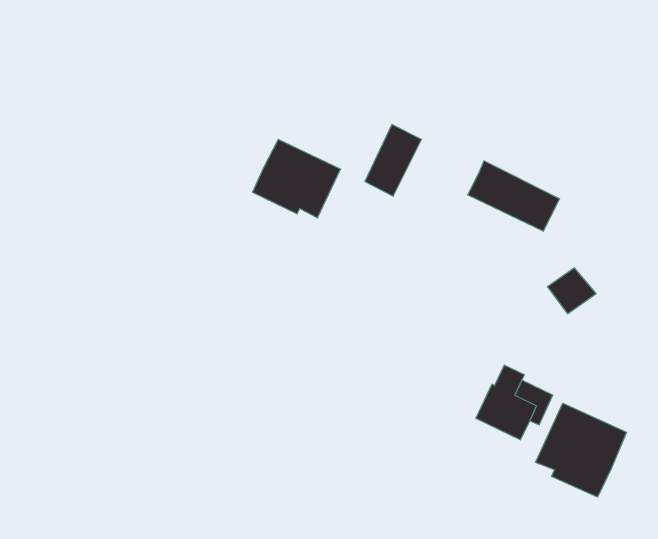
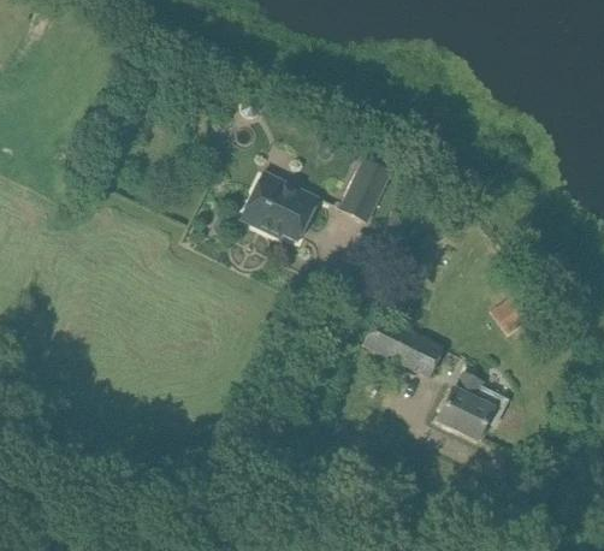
building: [468,161,560,231] -> [361,315,443,378]
building: [536,403,627,497] -> none

